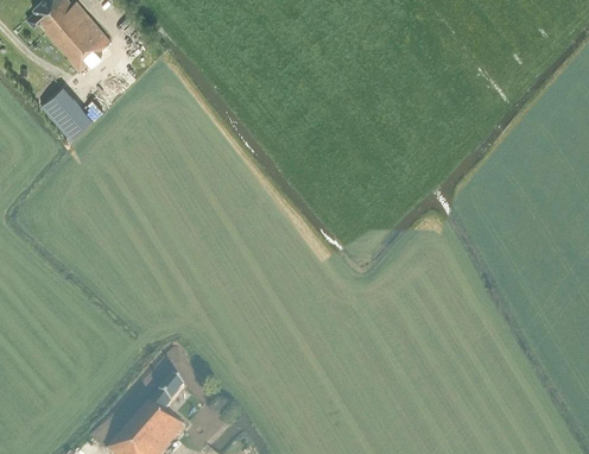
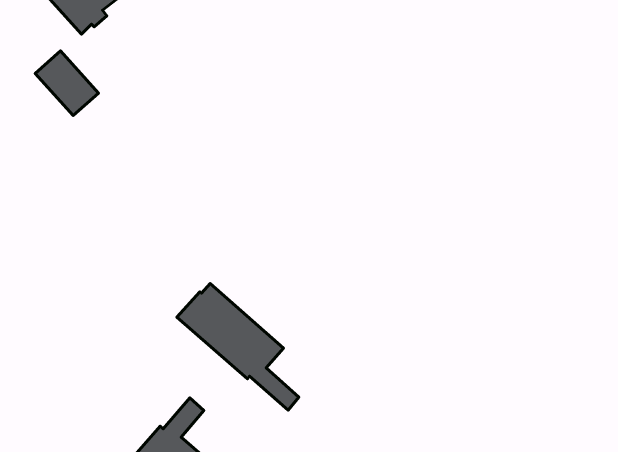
building: none -> [177,283,299,410]

